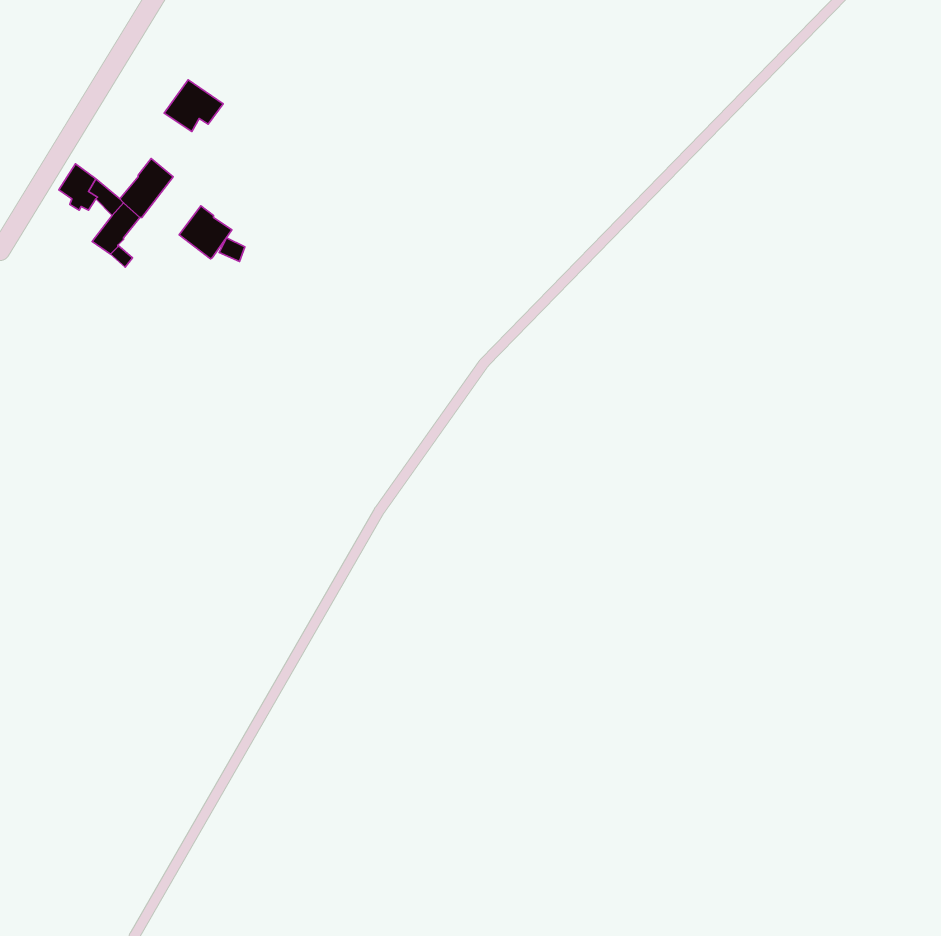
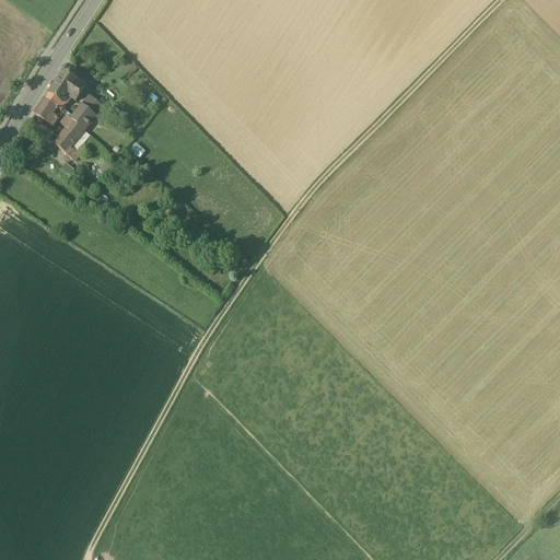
building: [164,80,223,132] -> [49,72,84,103]
building: [179,206,232,259] -> none

